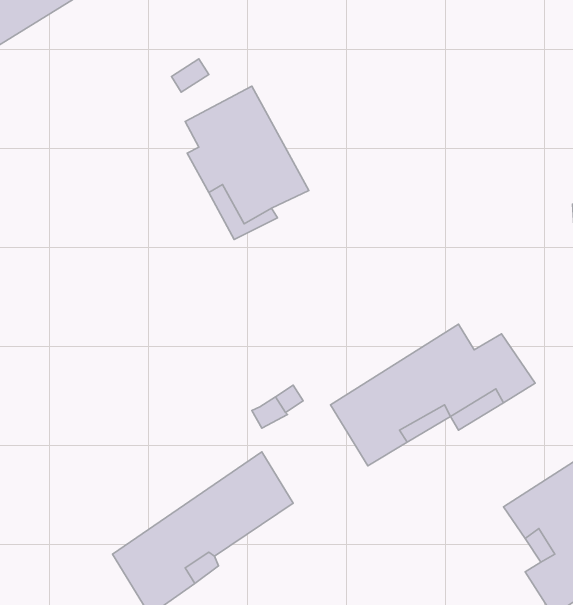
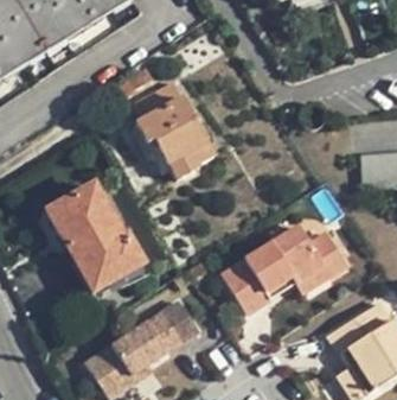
building: none -> [46,185,145,293]

